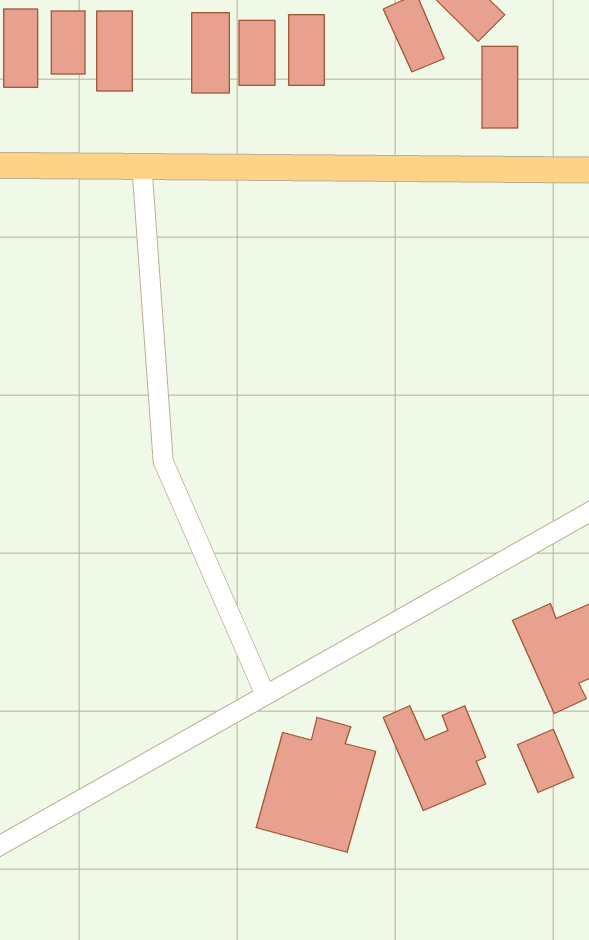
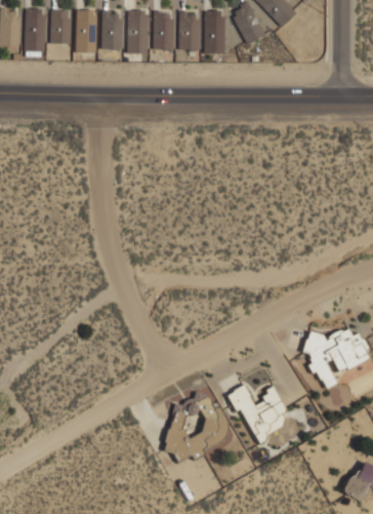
building: none -> [102,10,122,50]
building: [482,46,518,128] -> [206,10,225,54]
building: [518,729,574,793] -> none

